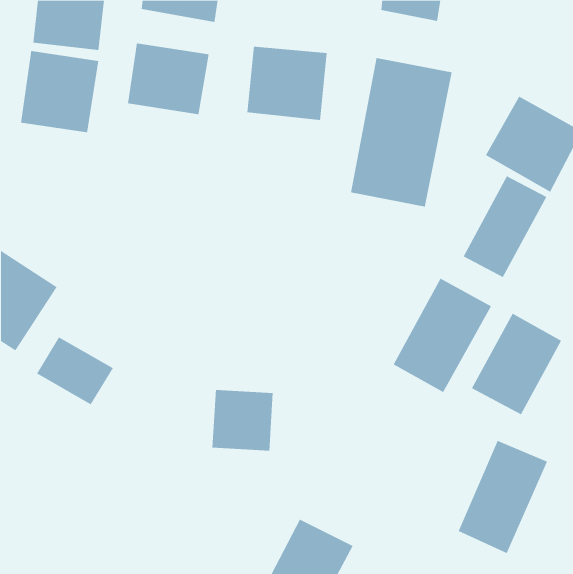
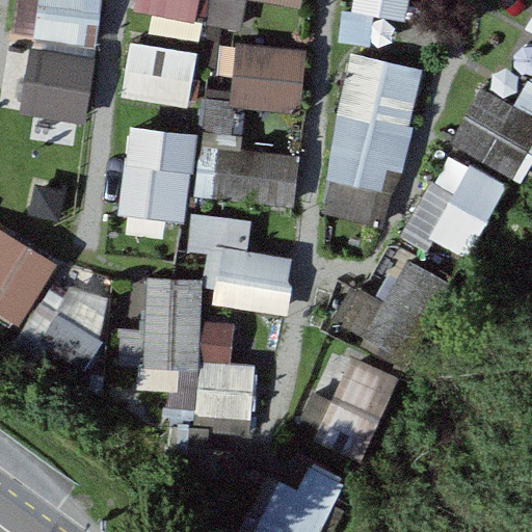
building: none -> [117,126,194,222]
building: none -> [212,149,298,207]
building: none -> [212,245,292,315]
building: none -> [143,276,202,367]
building: [471,313,562,415] -> none
building: [458,440,548,554] -> [313,355,396,460]

